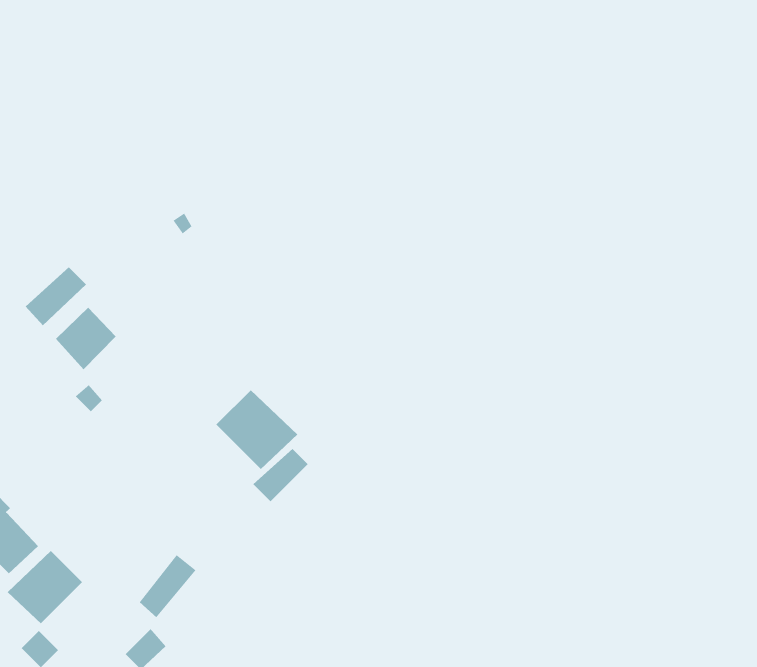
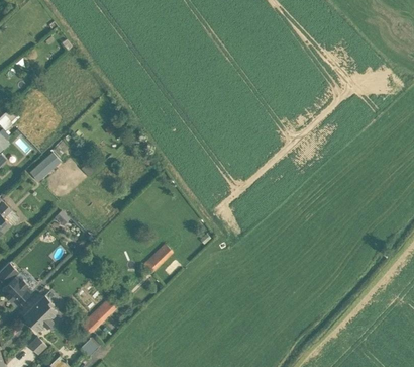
building: [55,307,117,370] -> none
building: [216,389,298,470] -> none

